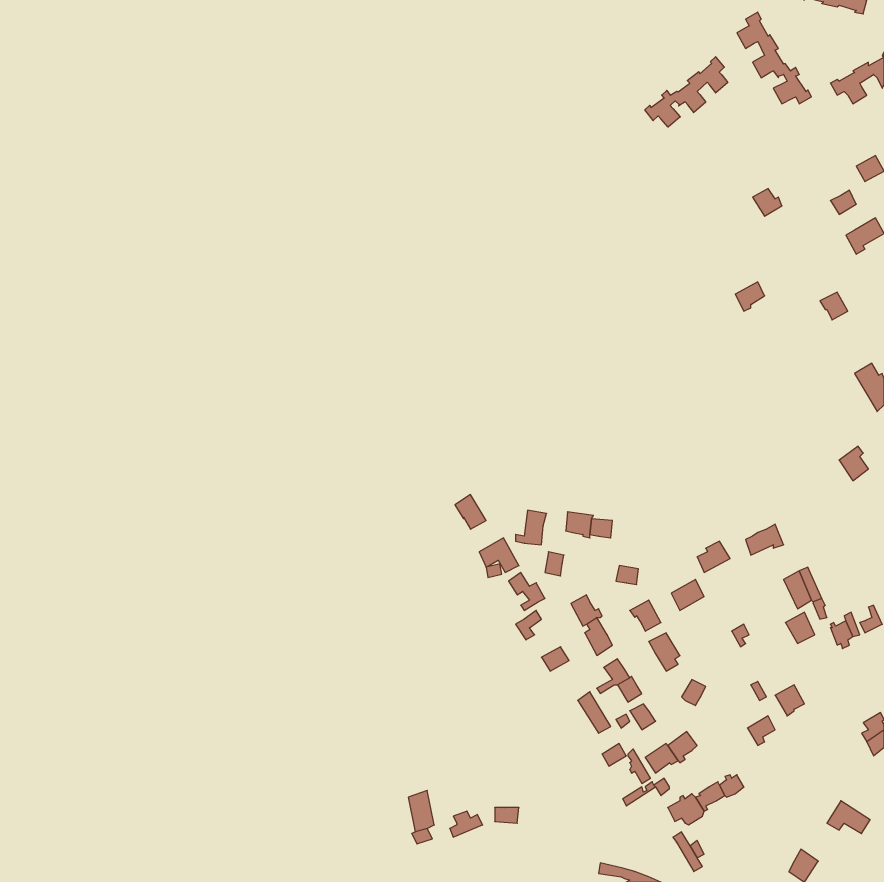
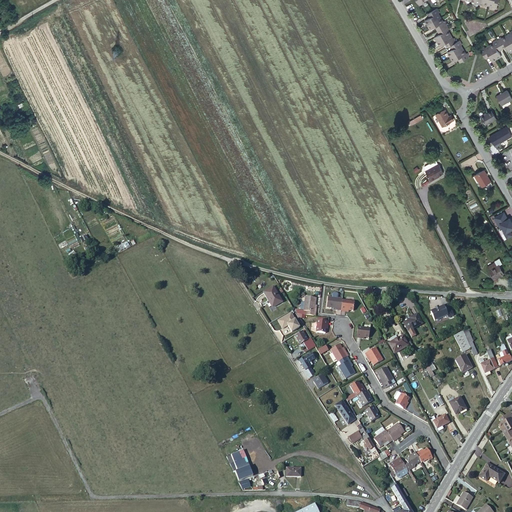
building: [645,57,728,127] -> none

